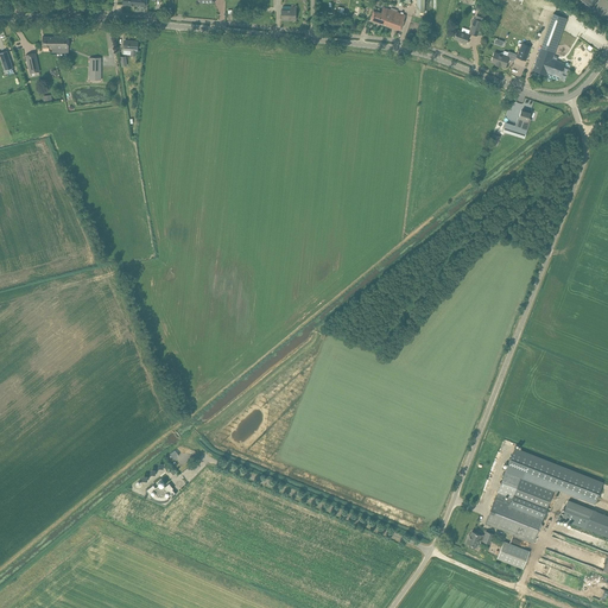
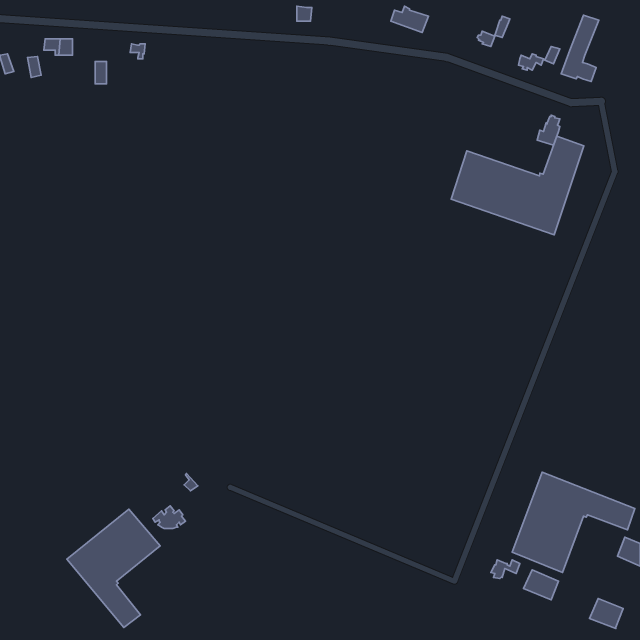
building: none -> [451,136,584,235]
building: none -> [67,509,160,628]
building: [560,500,593,528] -> [589,598,623,628]

